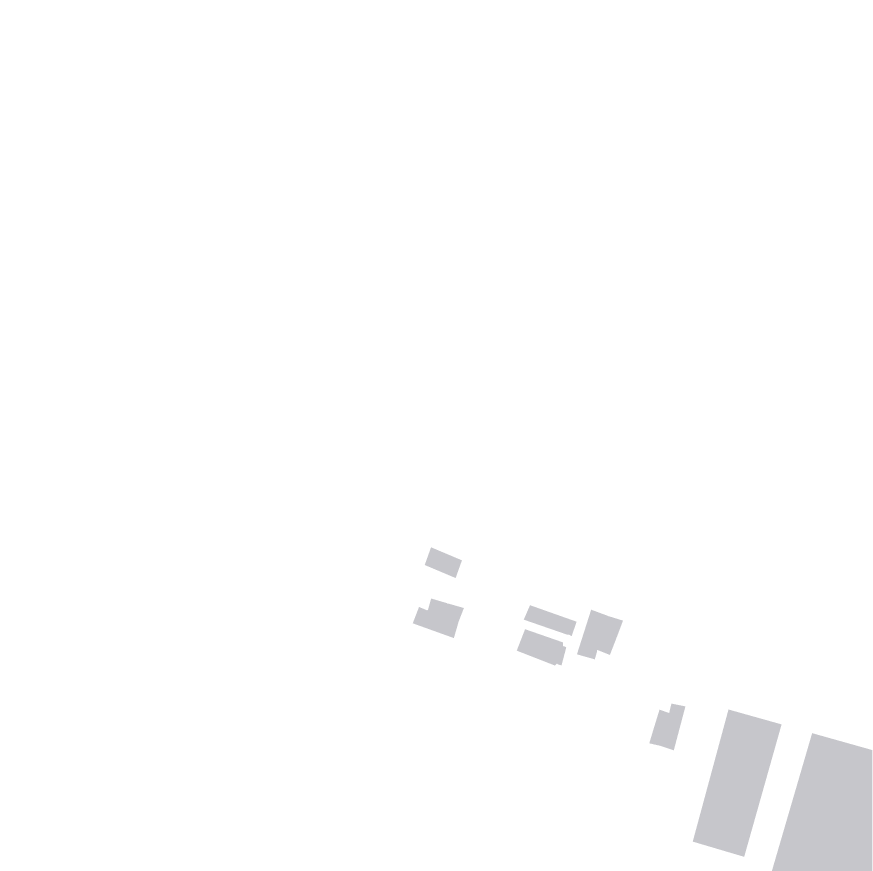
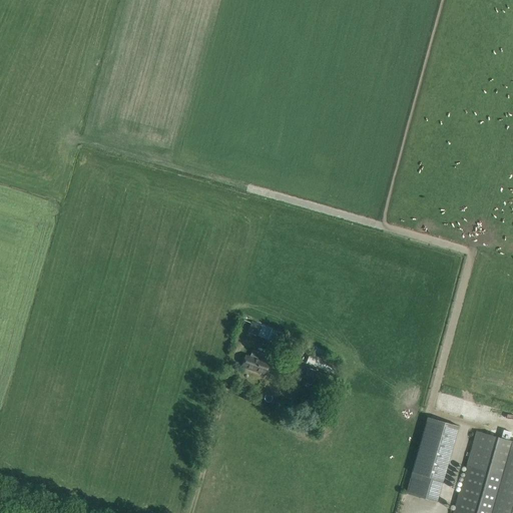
building: [576,609,624,660] -> none
building: [648,703,686,751] -> none

